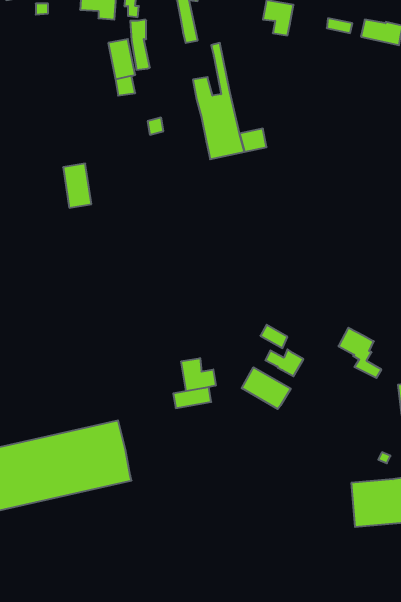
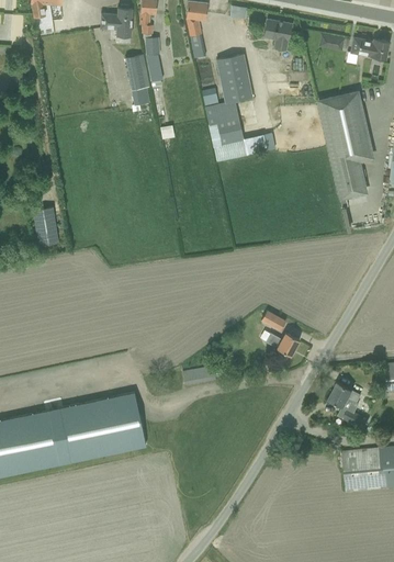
building: none -> [225,53,251,100]
building: none -> [319,91,371,196]
building: [63,164,91,208] -> [33,205,58,245]
building: [338,328,381,378] -> [329,381,368,426]
building: [181,358,216,391] -> none
building: [242,367,291,409] -> none

